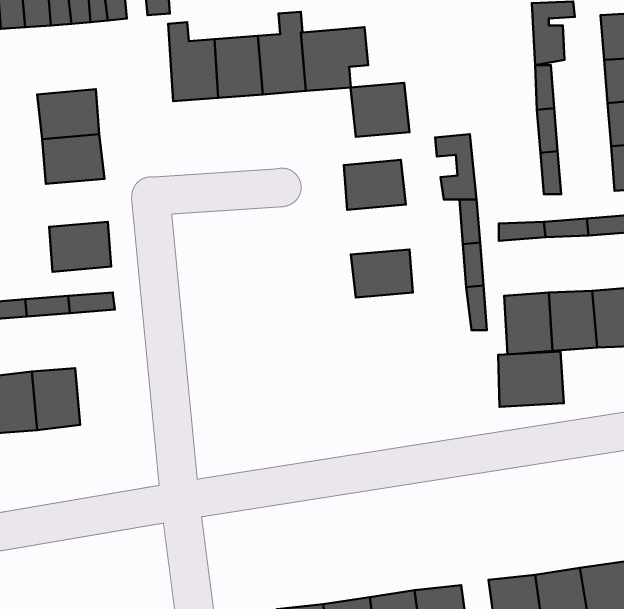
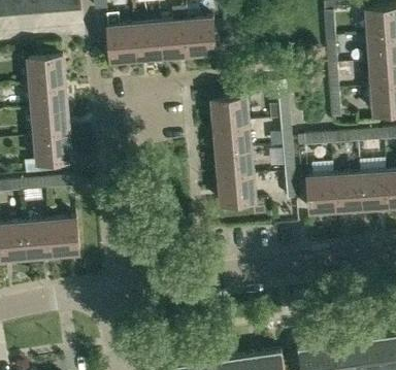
building: [351,83,409,137] -> none
building: none -> [32,108,69,137]
building: none -> [212,124,250,154]
building: none -> [218,176,255,206]
building: [498,351,564,407] -> none
building: none -> [50,220,79,256]

